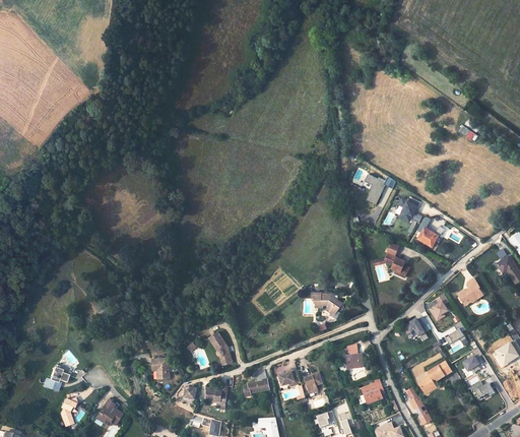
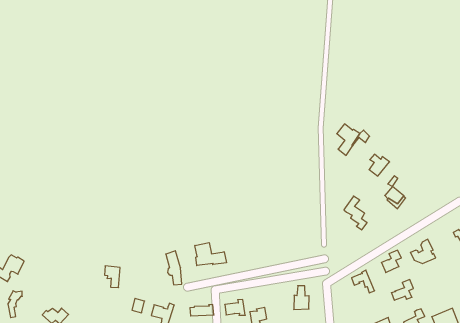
building: [312,291,341,312] -> none
building: none -> [195,243,226,266]

